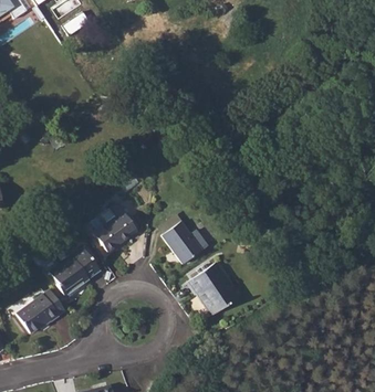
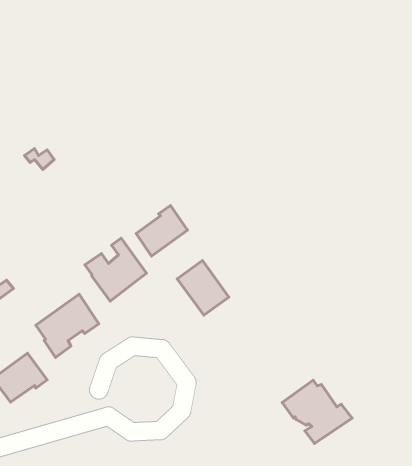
building: none -> [136,205,188,256]
building: [187,265,242,315] -> [282,380,352,443]

